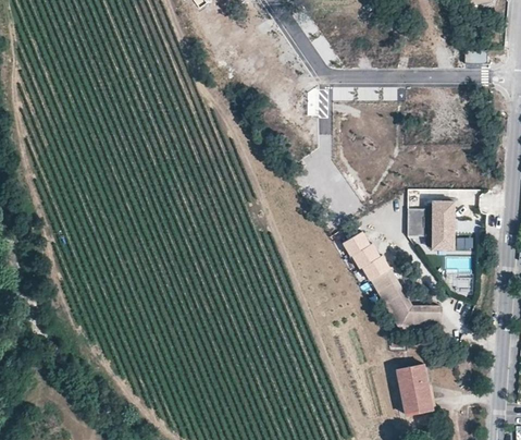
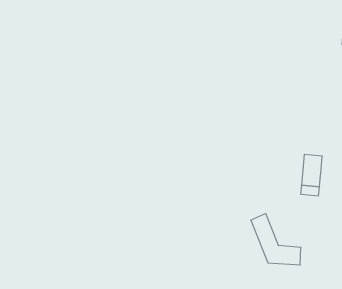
building: [407,208,423,235] -> none
building: [344,232,390,281] -> none

